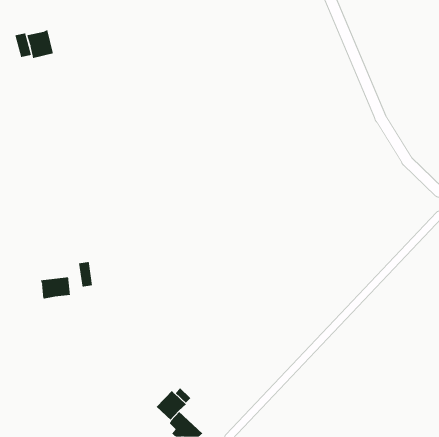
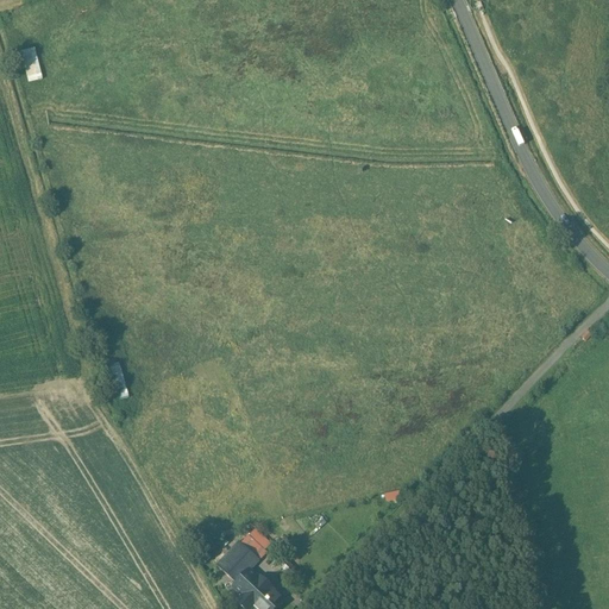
building: [26,29,54,59] -> none
building: [40,276,71,300] -> none

